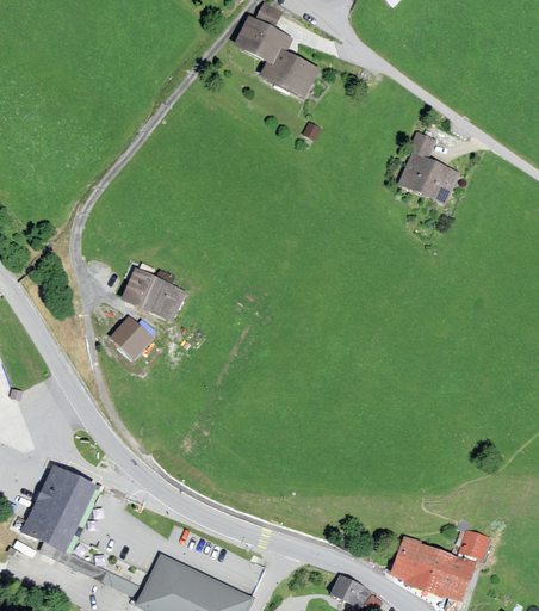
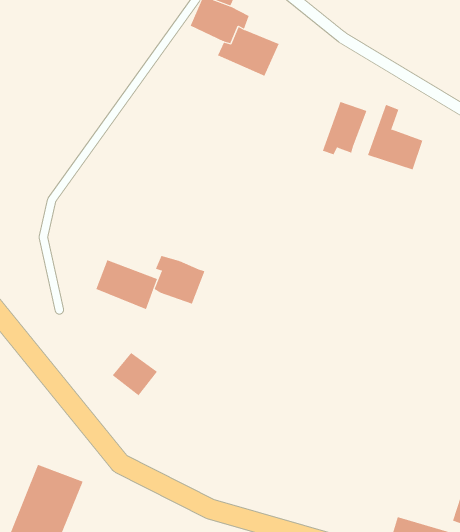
building: none -> [322,101,367,155]
building: none -> [154,255,205,304]
building: [110,315,155,359] -> [112,352,158,396]

